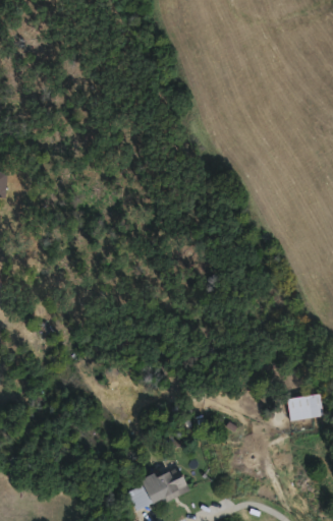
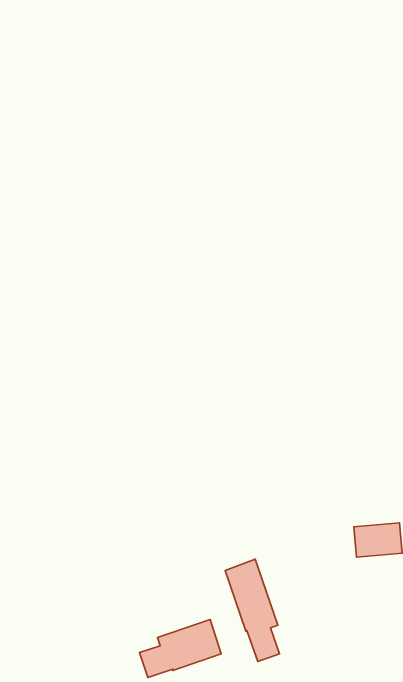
building: none -> [225,559,280,662]

